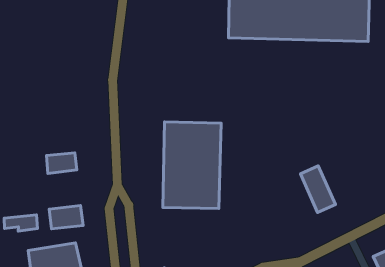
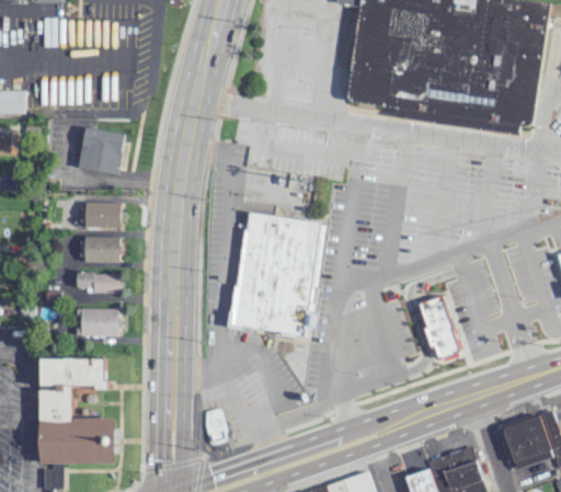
building: none -> [77,125,125,173]
building: none -> [80,202,121,226]
building: [4,215,37,231] -> [76,272,121,291]

